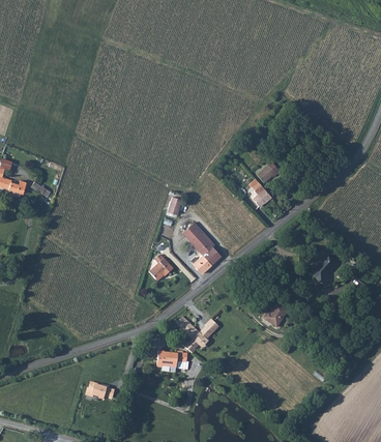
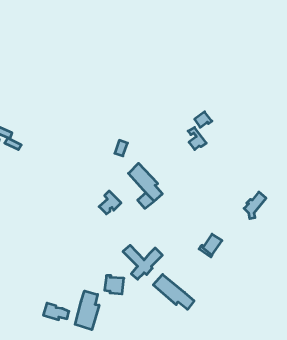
building: none -> [153,274,194,309]
building: none -> [75,291,99,330]

